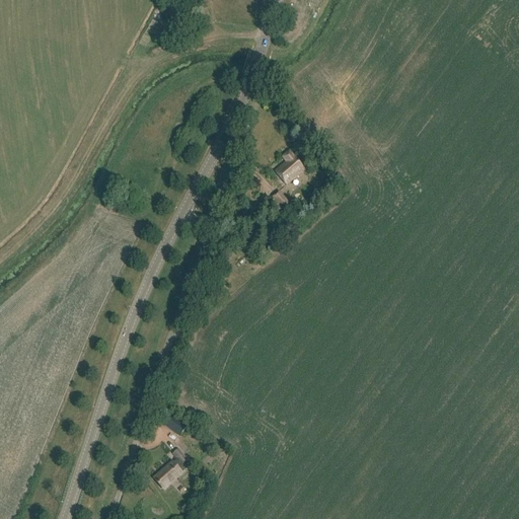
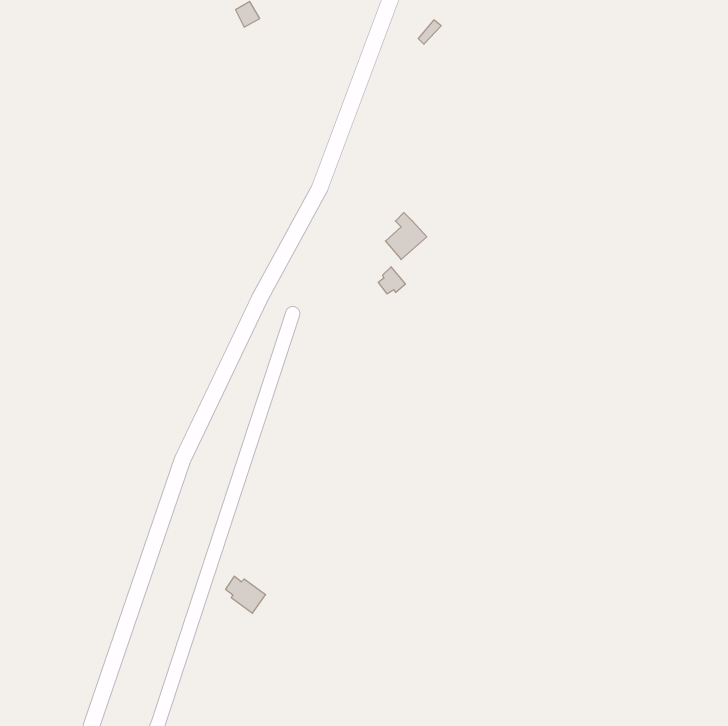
building: [154,448,189,488] -> none

